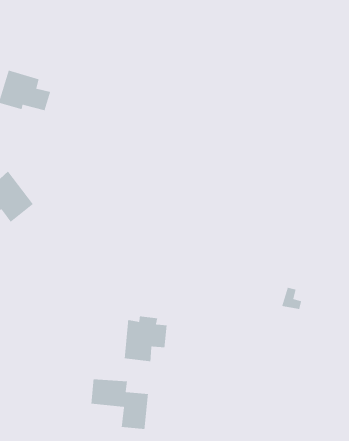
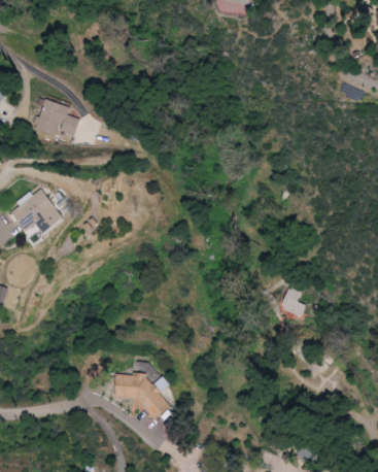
building: [124,316,168,362] -> none

